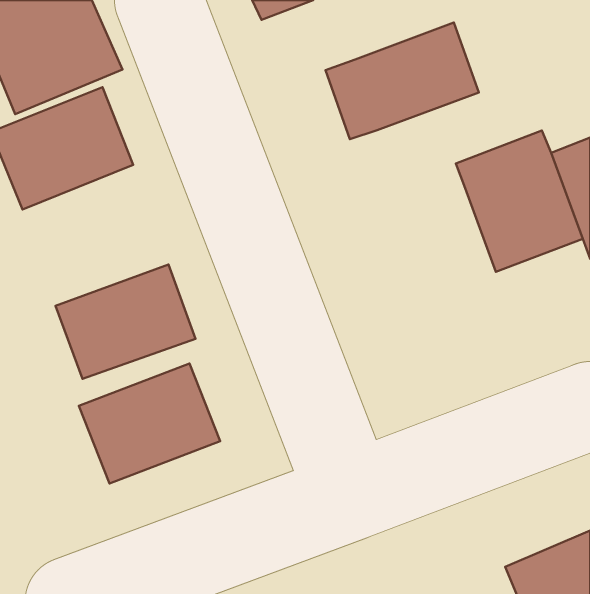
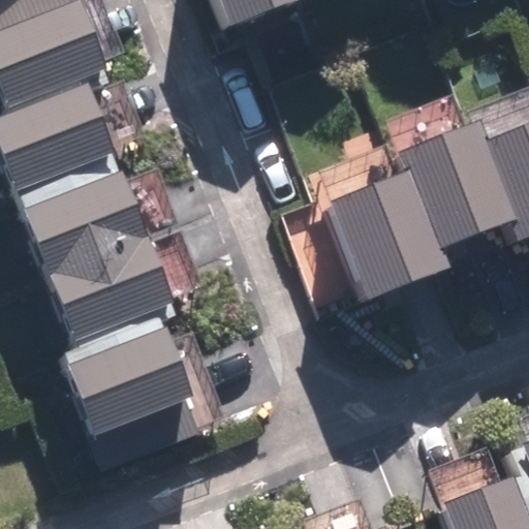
building: [326,23,479,139] -> none
building: none -> [24,170,148,275]
building: none -> [331,172,444,297]

